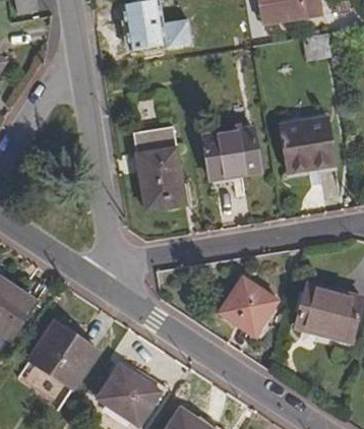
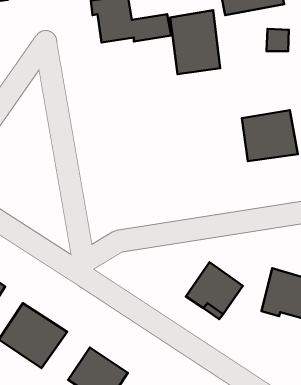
building: none -> [170,10,220,74]
building: [134,126,187,209] -> none
building: [202,129,259,181] -> none

